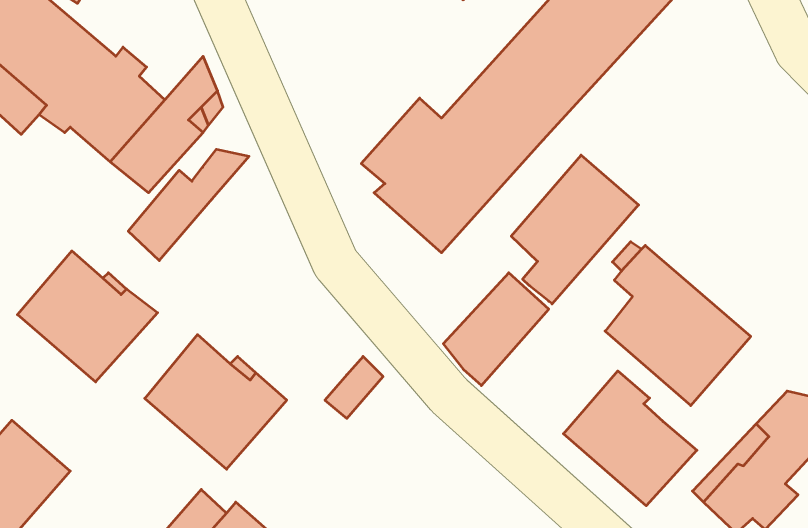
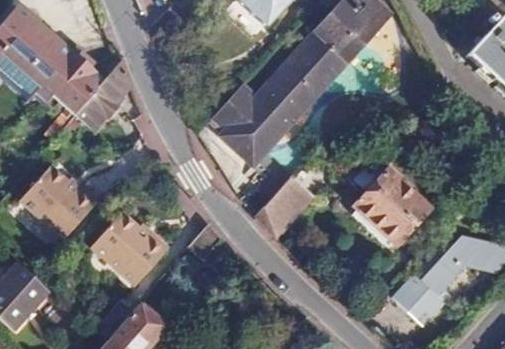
building: [128,149,249,261] -> none
building: [511,155,639,304] -> none
building: [563,371,697,506] -> none

